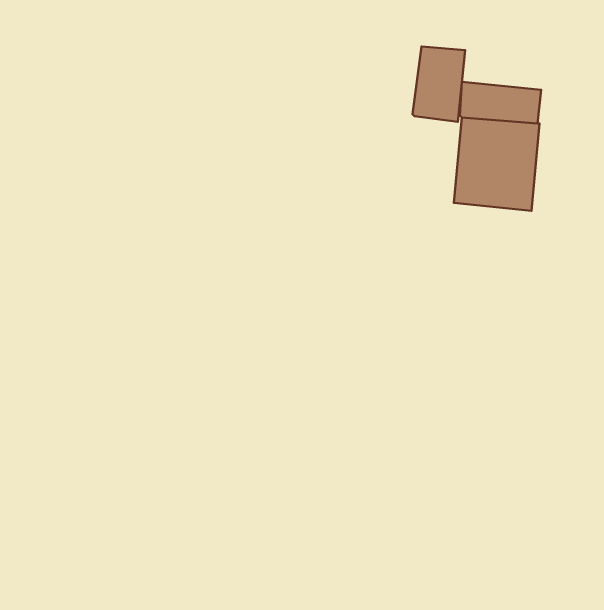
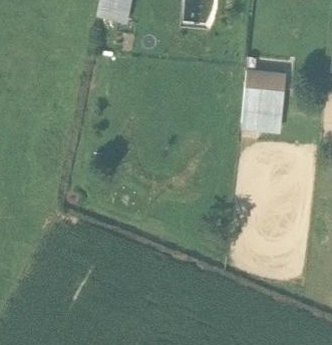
building: [413,46,465,122] -> none

